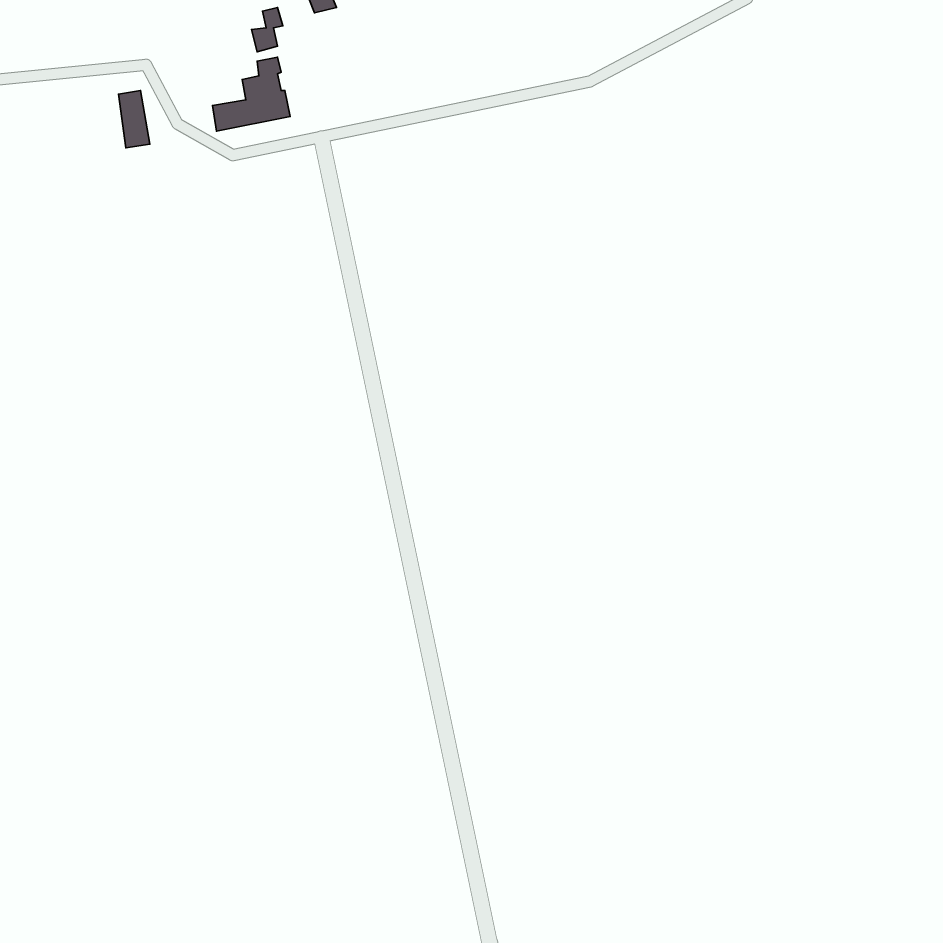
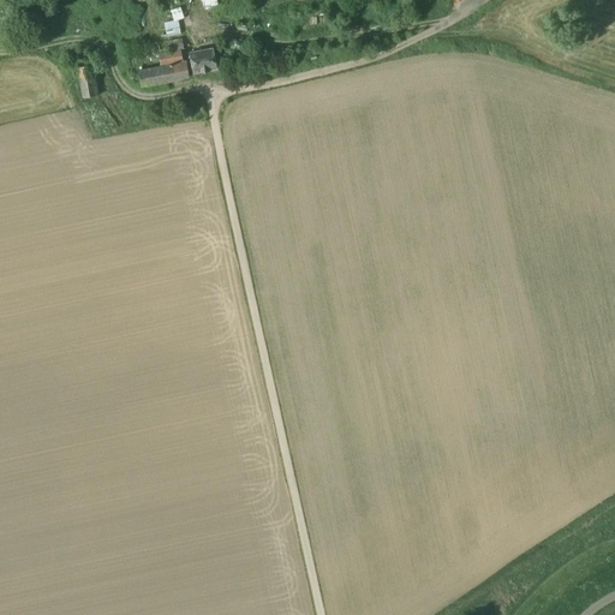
building: none -> [189,46,216,72]

